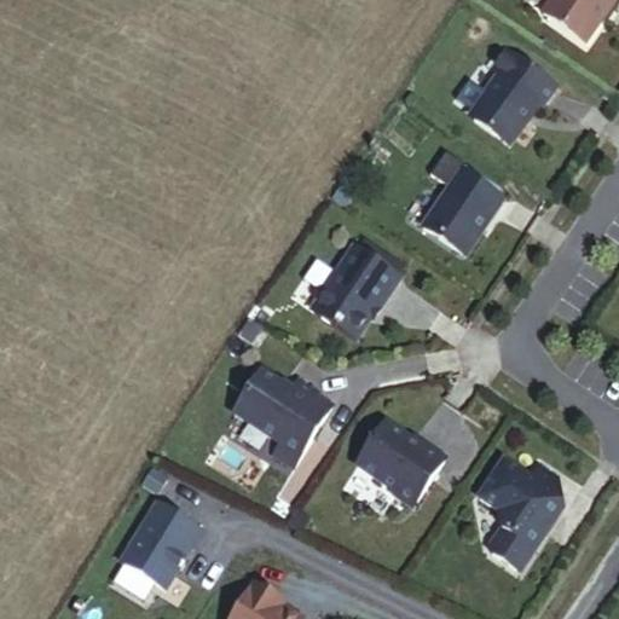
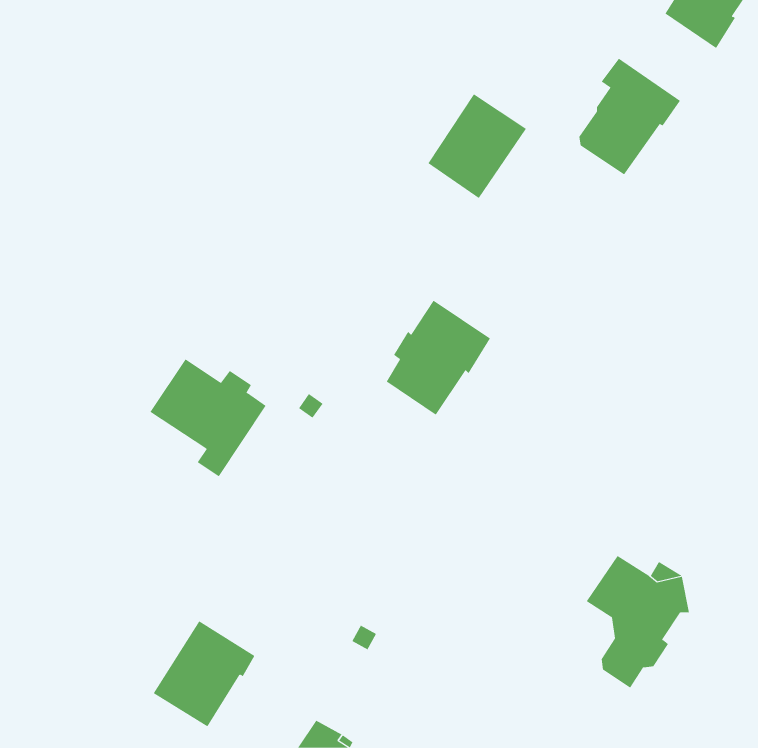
building: [422,168,503,254] -> [427,93,527,199]
building: [237,369,332,465] -> [149,358,267,477]
building: [353,417,444,503] -> none

